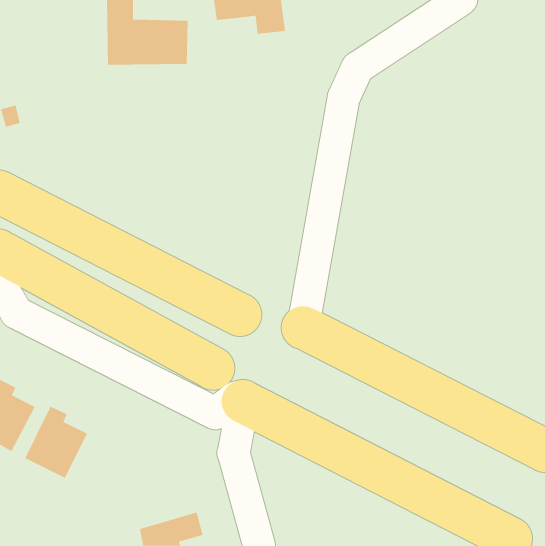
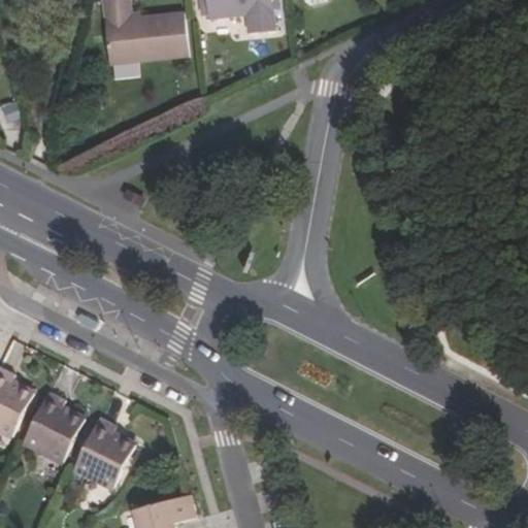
building: none -> [74,417,135,487]

